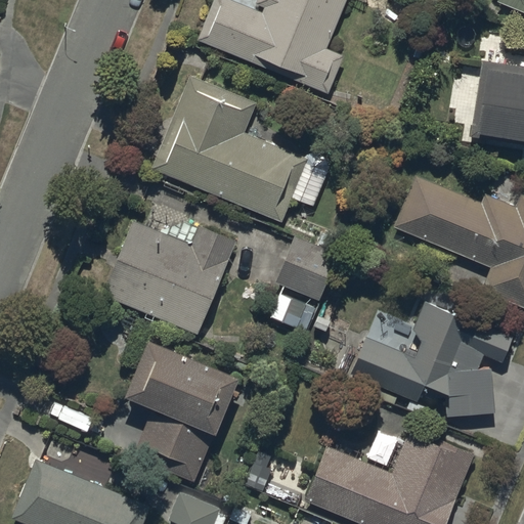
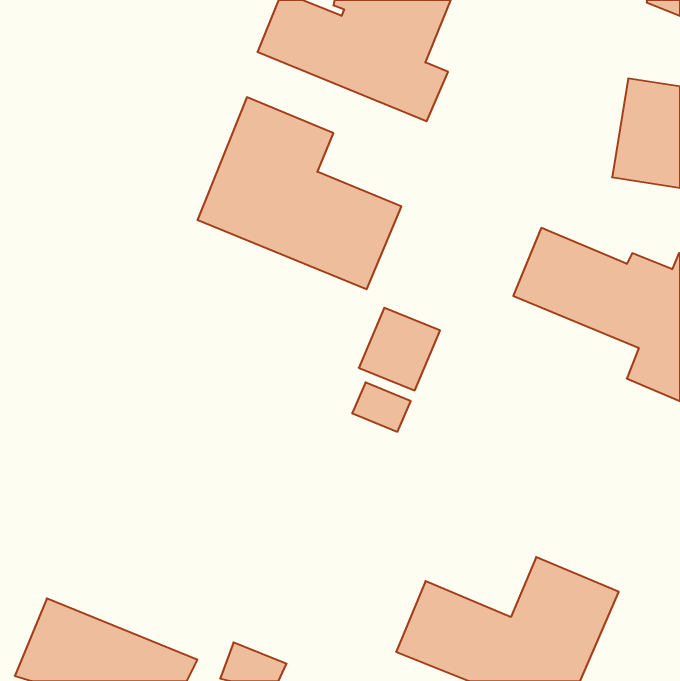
building: [103,220,236,334] -> none
building: [351,301,514,417] -> none
building: [125,340,239,483] -> none

